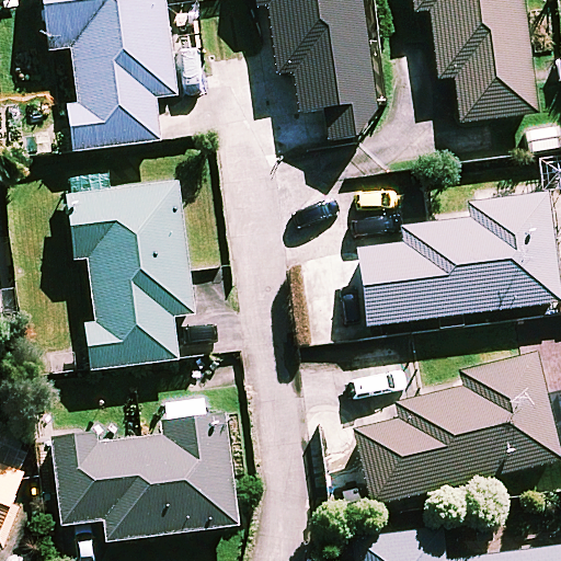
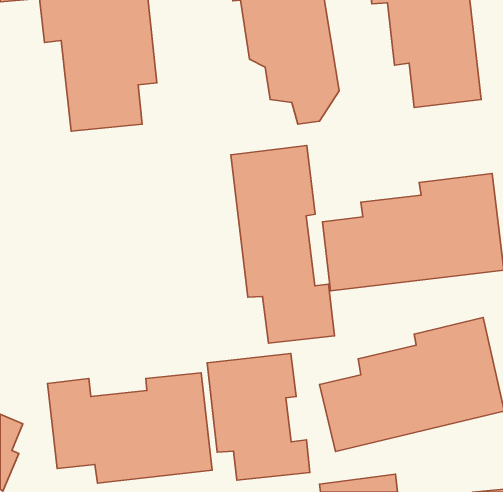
building: none -> [231,145,334,343]
building: [65,168,193,366] -> none
building: none -> [207,353,310,480]

